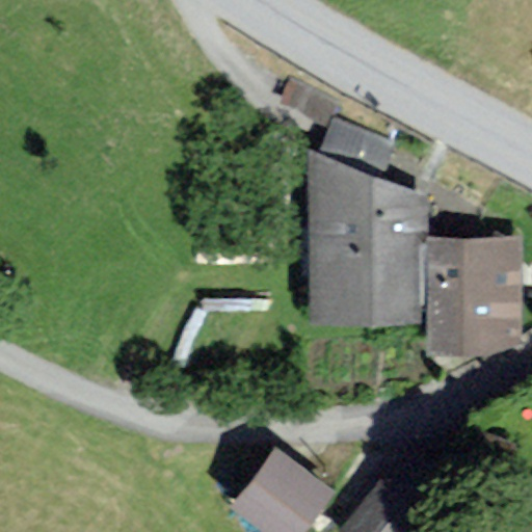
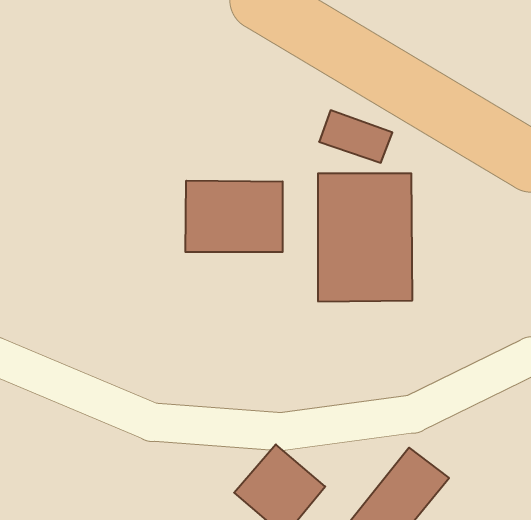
building: none -> [185,181,283,252]
building: [430,247,513,345] -> none

